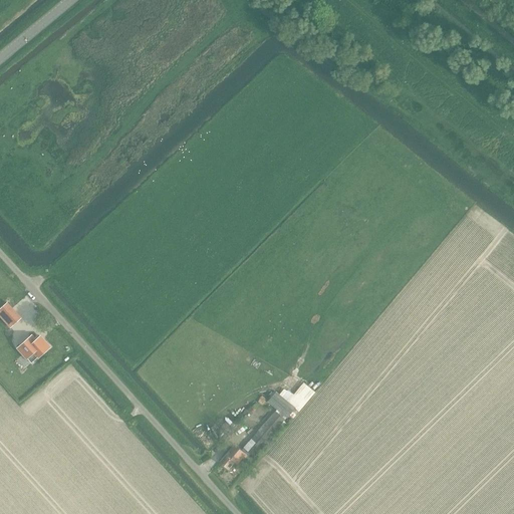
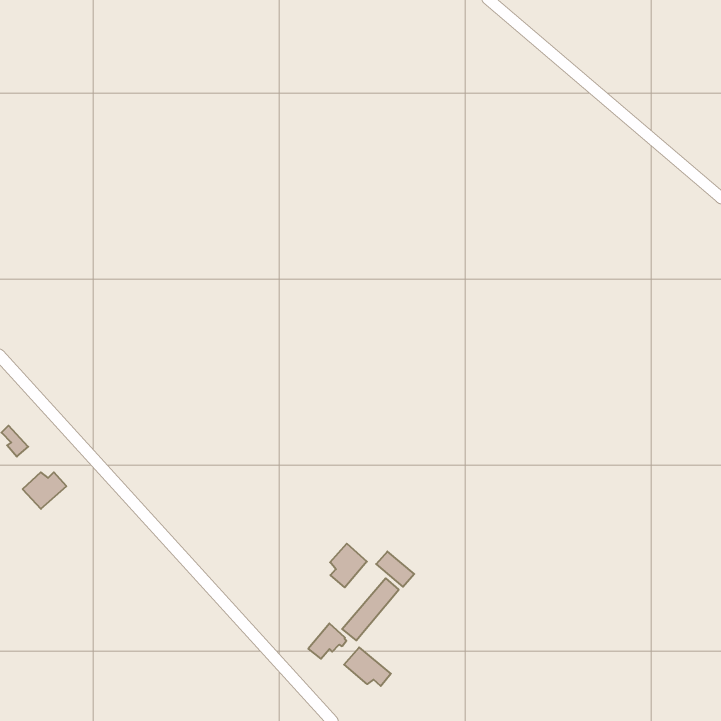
building: none -> [330,544,367,587]
building: none -> [344,647,391,686]

